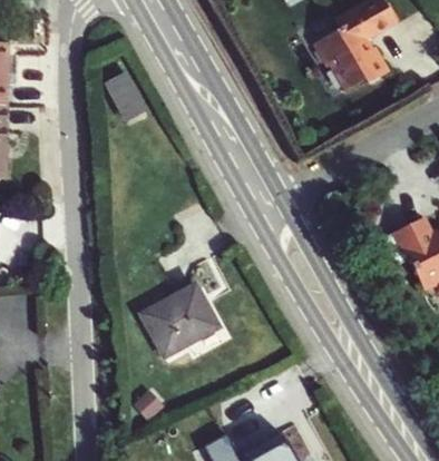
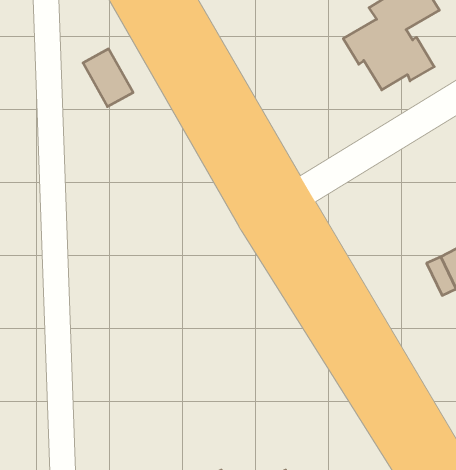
building: [138,281,216,352] -> none

